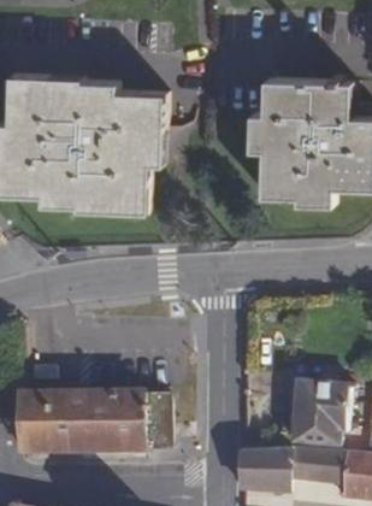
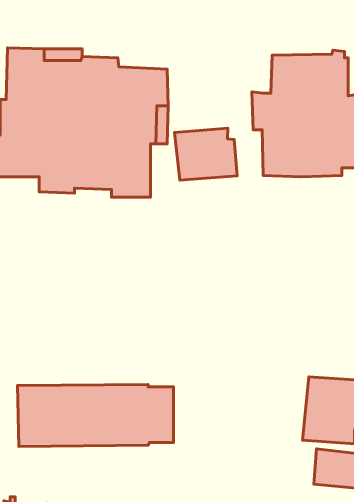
building: none -> [175,128,237,180]
building: [240,448,305,496] -> none

